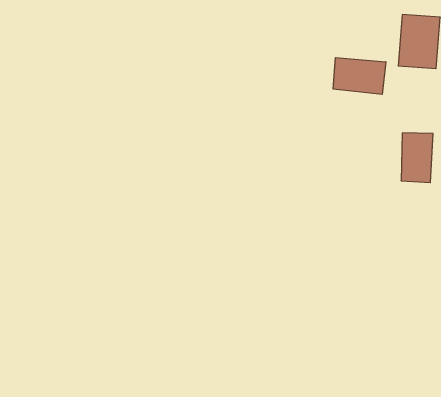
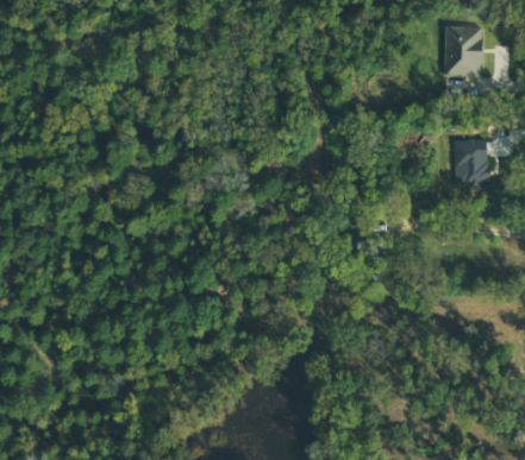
building: [333,58,386,94] -> none

